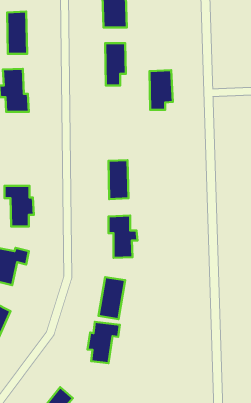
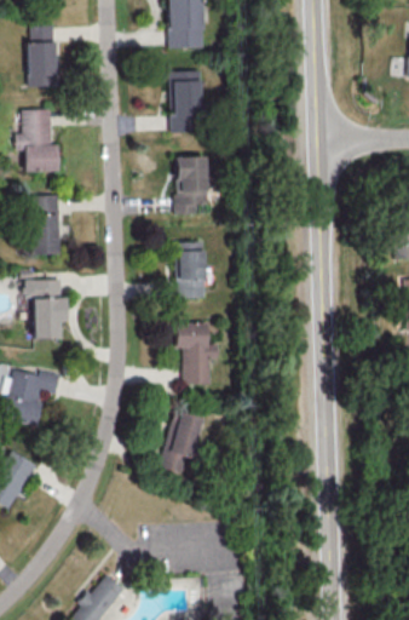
building: [149,70,173,110] -> [175,156,209,214]
building: none -> [31,196,61,256]
building: [87,322,120,363] -> none

